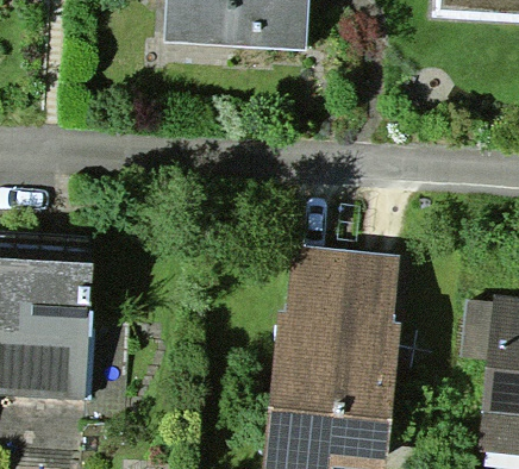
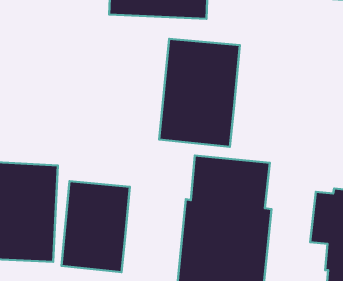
building: none -> [159,39,240,147]
building: none -> [61,181,130,272]

